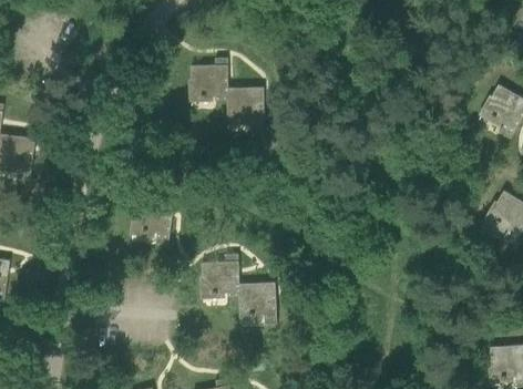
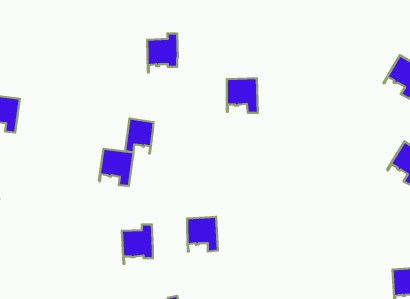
building: [226,88,264,130] -> [227,78,258,113]
building: none -> [125,119,153,154]
building: [201,255,238,303] -> [122,225,153,264]

